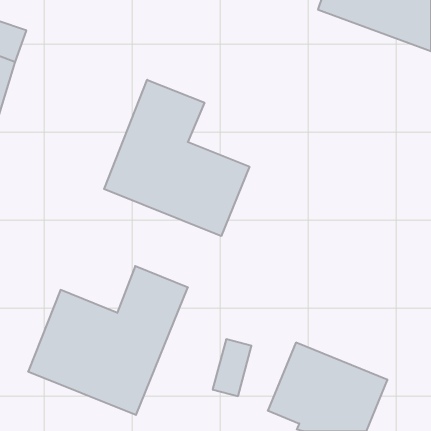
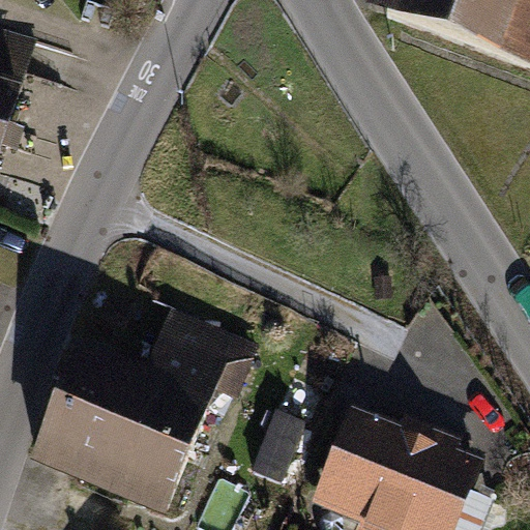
building: [104,80,249,236] -> none

